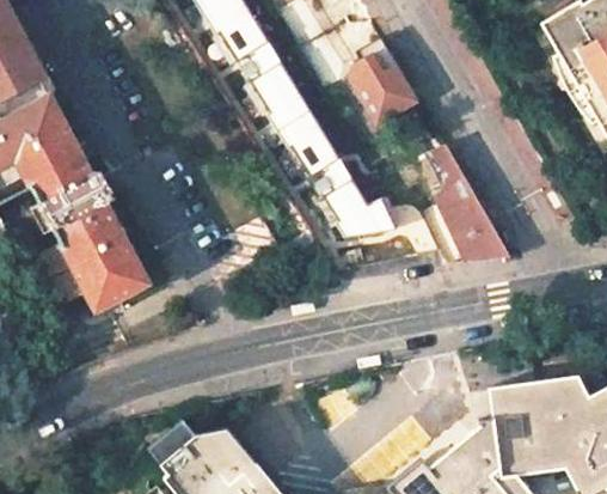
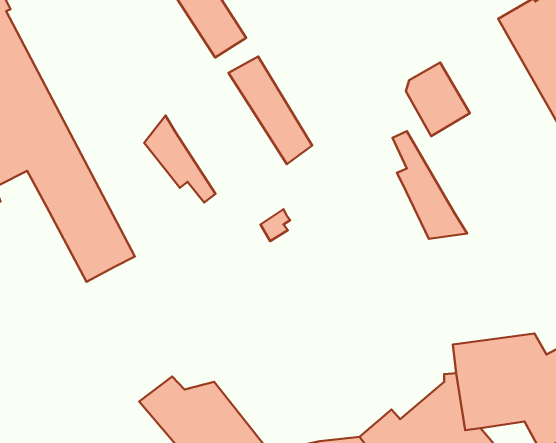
building: [349,50,418,130] -> [406,63,470,136]
building: none -> [144,115,216,203]
building: [324,185,396,244] -> none

